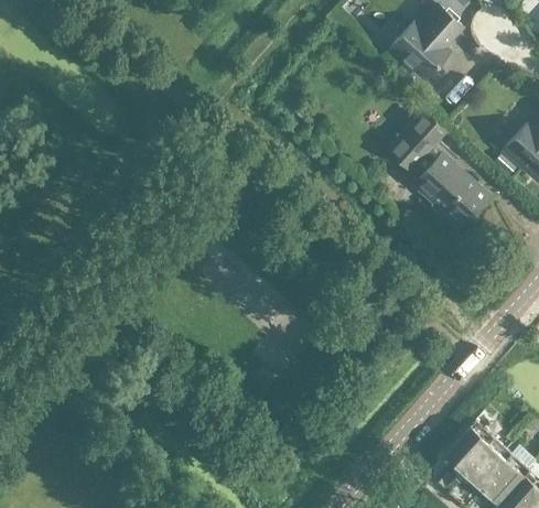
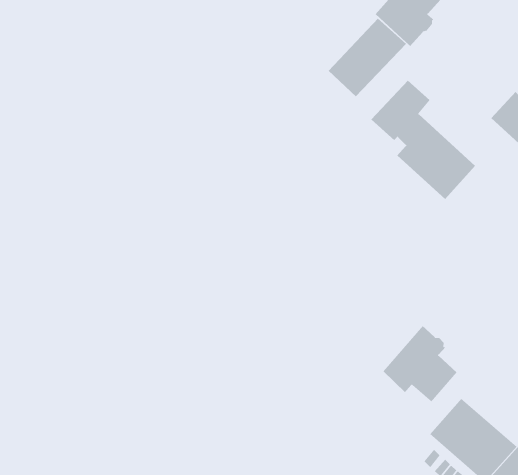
building: none -> [328,18,407,97]
building: none -> [382,325,457,402]

